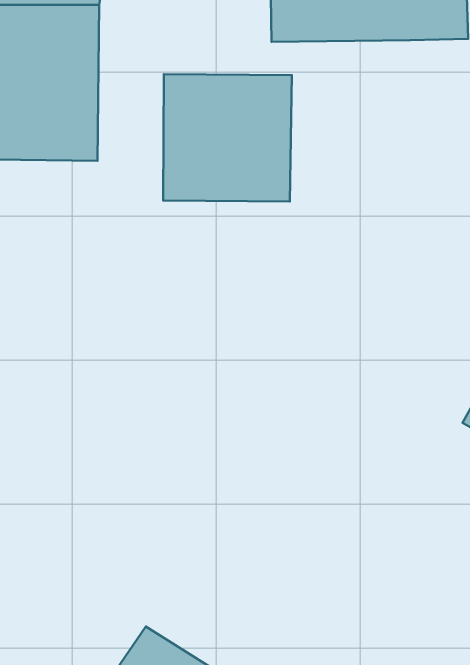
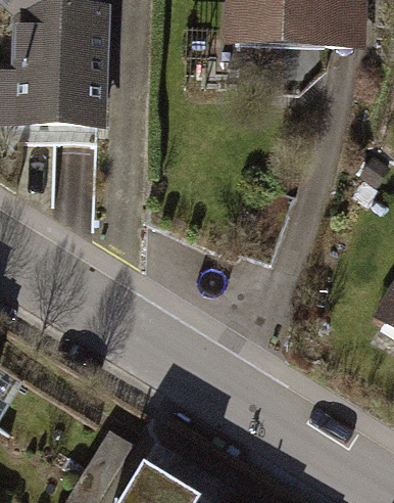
building: [163,74,292,202] -> none

